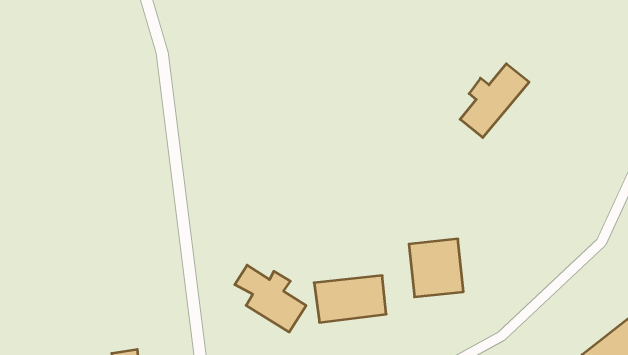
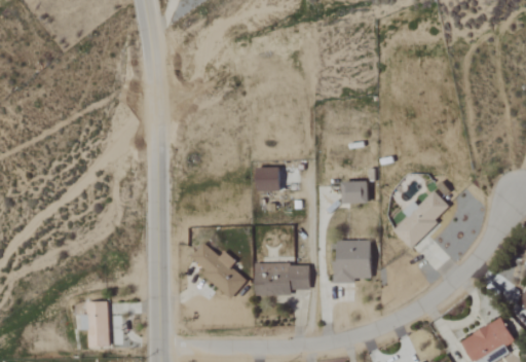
building: [460,64,529,138] -> [393,191,451,248]
building: none -> [258,169,283,193]
building: none -> [344,183,370,206]

